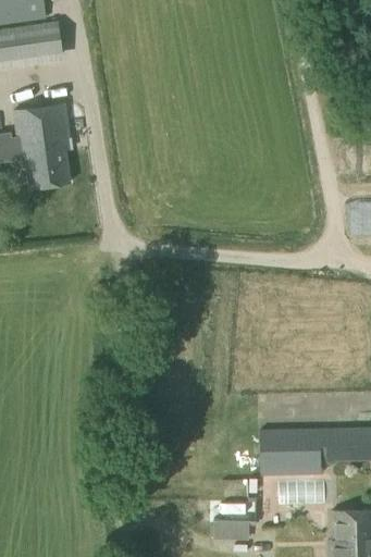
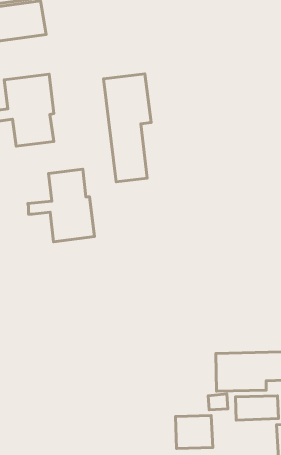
building: none -> [103,74,151,182]
building: none -> [28,169,95,242]

